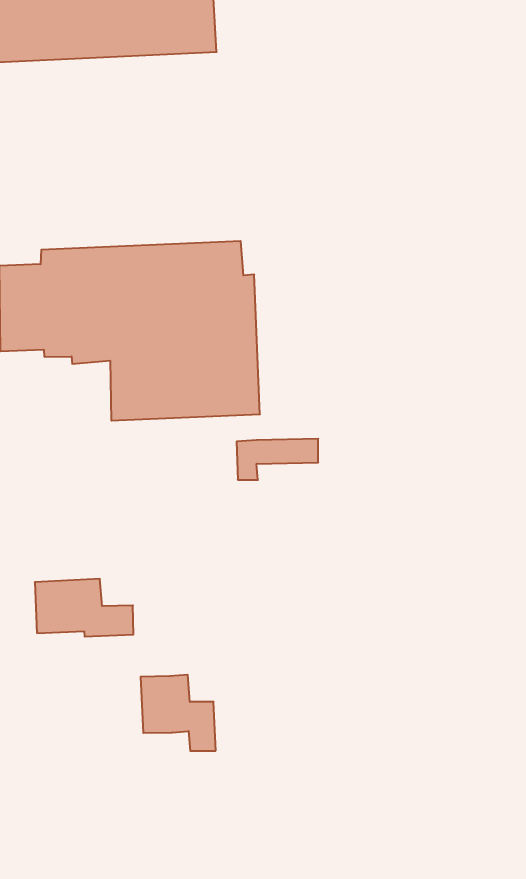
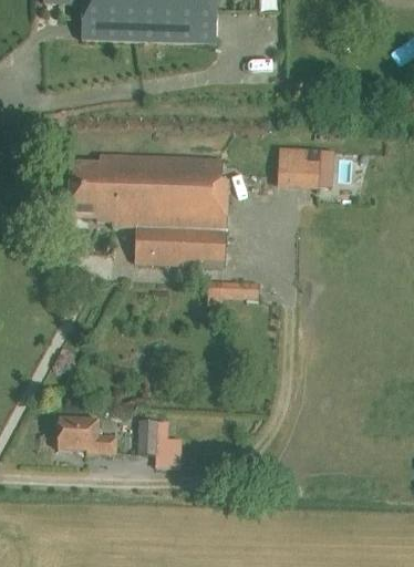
building: none -> [277,147,333,187]
building: [35,579,133,637] -> [58,416,117,453]

